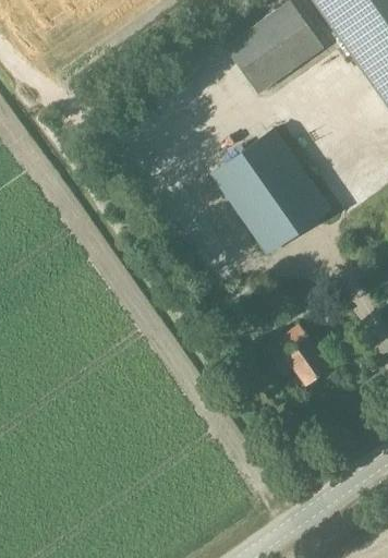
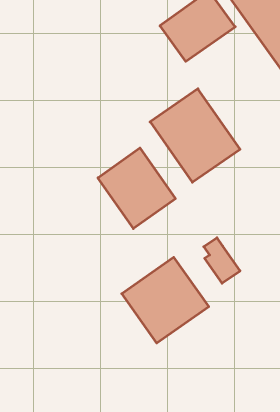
building: none -> [98,148,175,229]
building: none -> [122,257,209,343]

